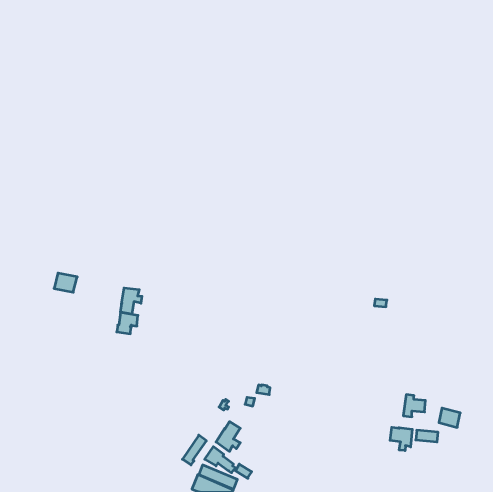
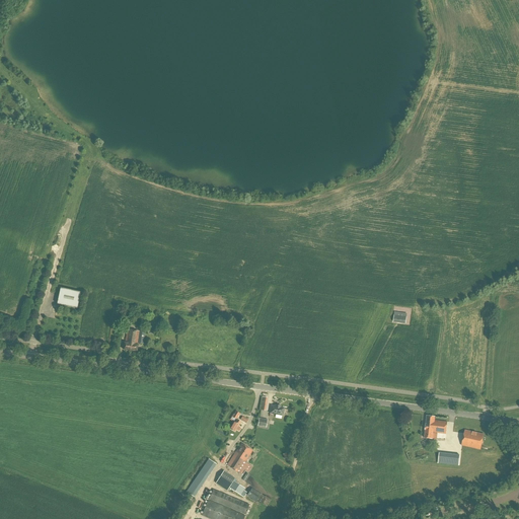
building: [120,288,142,314] -> none
building: [390,427,412,451] -> none

